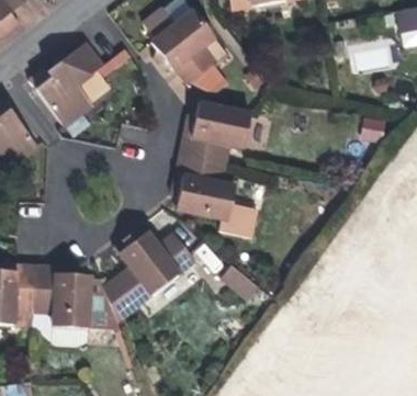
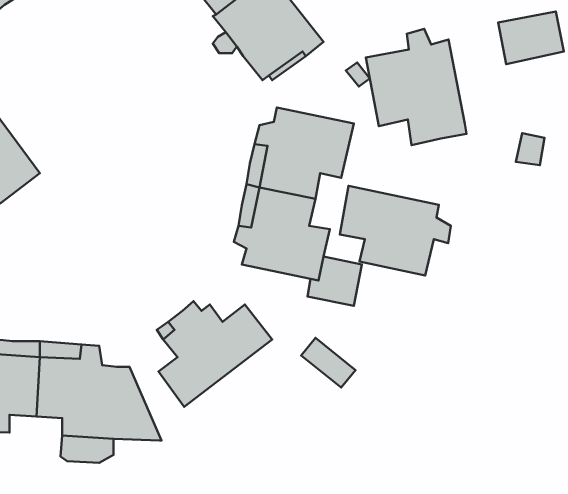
building: [27,42,109,124] -> none
building: none -> [366,29,467,145]
building: none -> [340,186,451,276]

